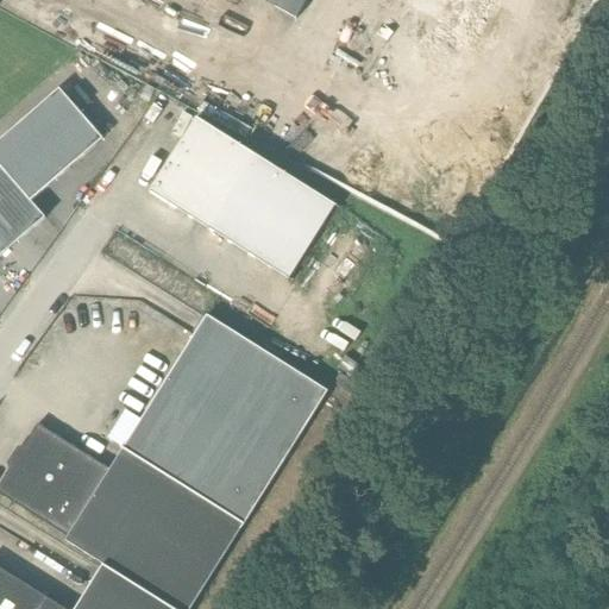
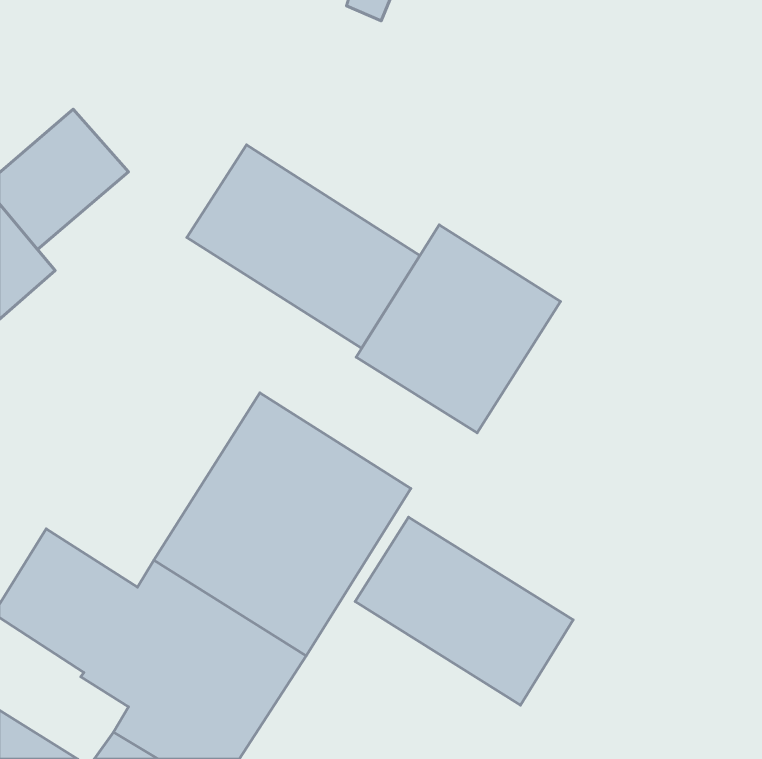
building: none -> [356,225,561,433]
building: none -> [355,517,573,705]

